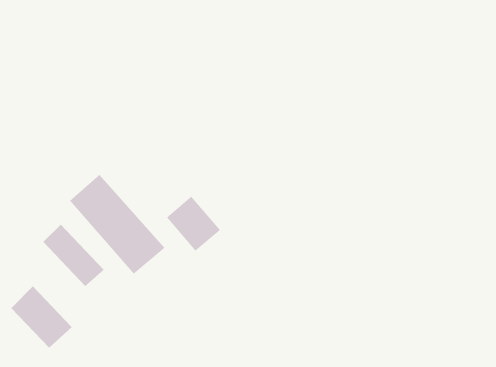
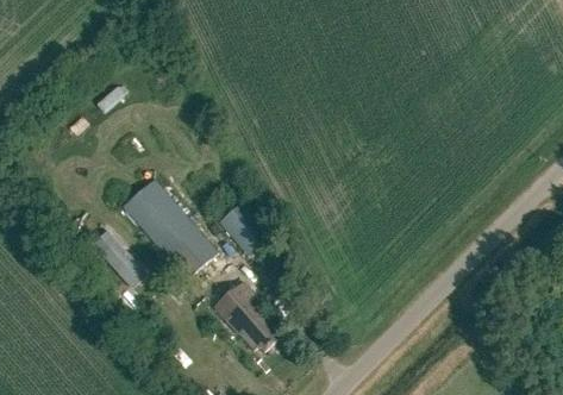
building: none -> [212,281,277,351]
building: [11,286,73,349] -> none

